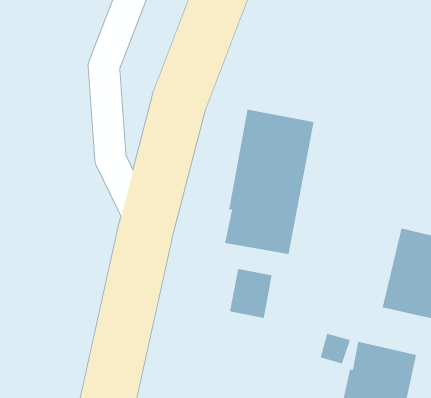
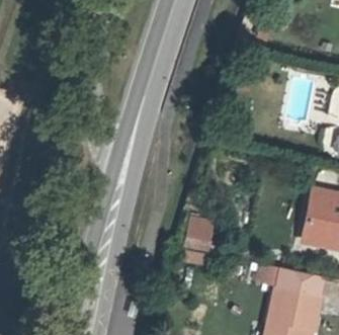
building: [225,109,314,255] -> none

